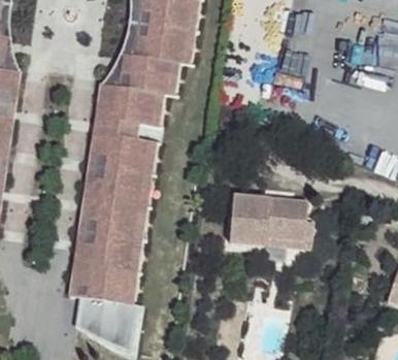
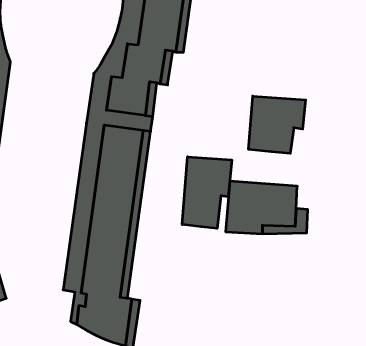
building: none -> [249,96,306,153]
building: none -> [182,157,232,228]

